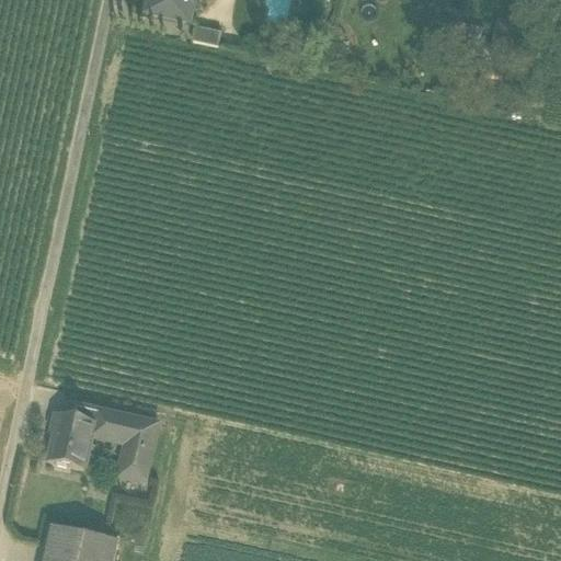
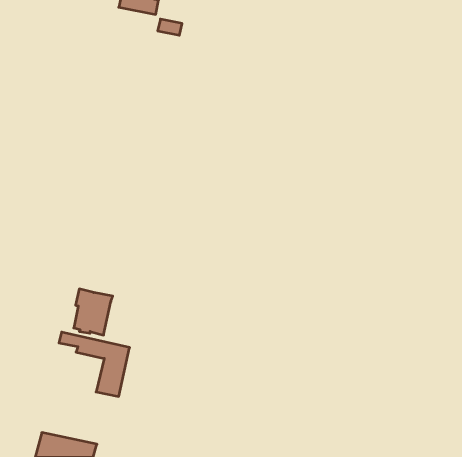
building: [47,411,94,467] -> [74,289,113,335]

